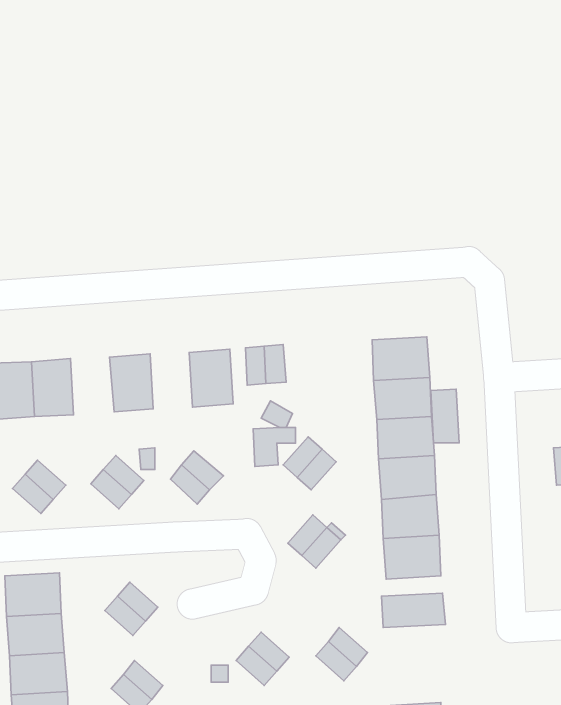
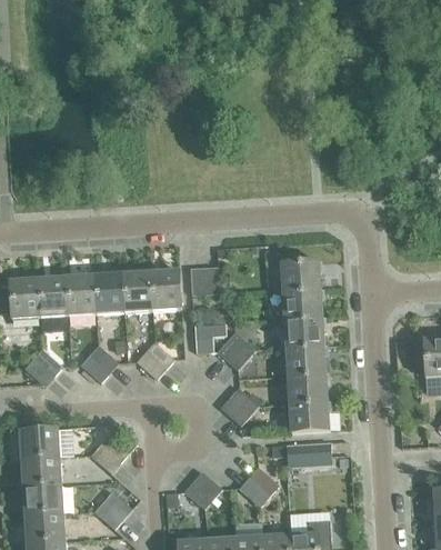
building: none -> [122,271,152,311]
building: none -> [66,274,97,316]
building: [431,389,459,443] -> none

